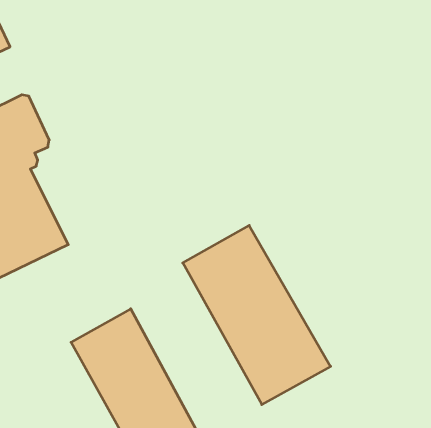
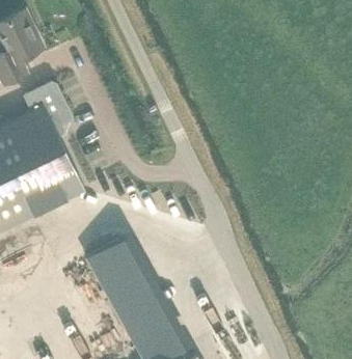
building: [183,225,331,405] -> none

